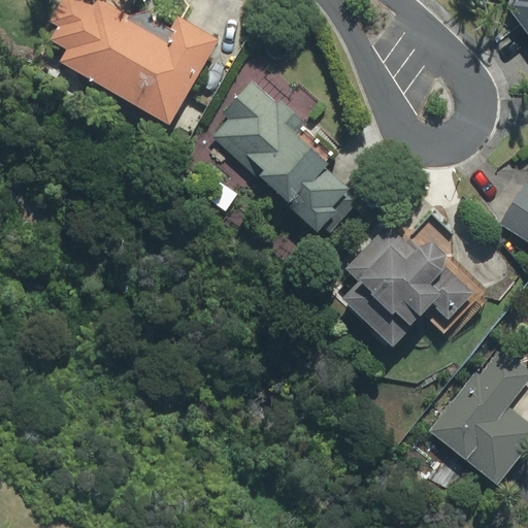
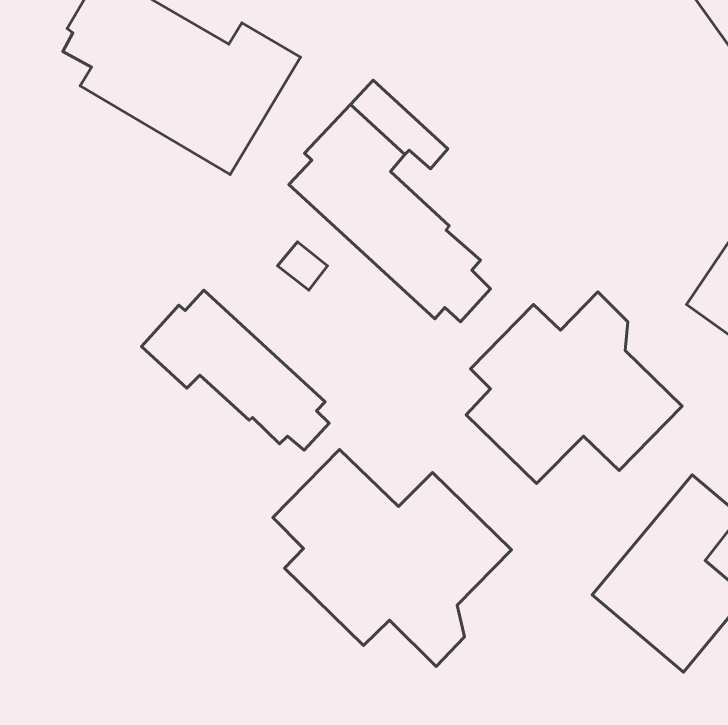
building: none -> [141,290,329,450]
building: none -> [273,450,511,667]

